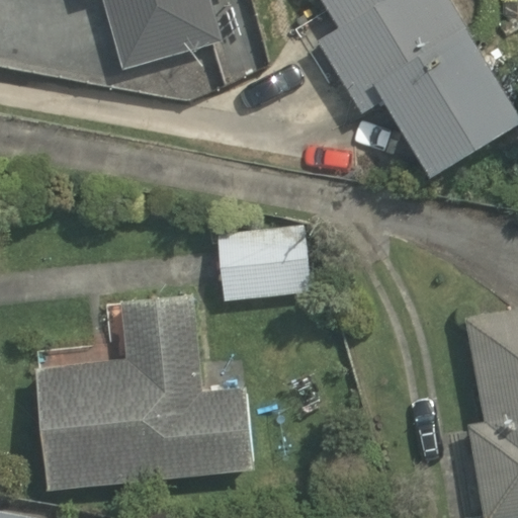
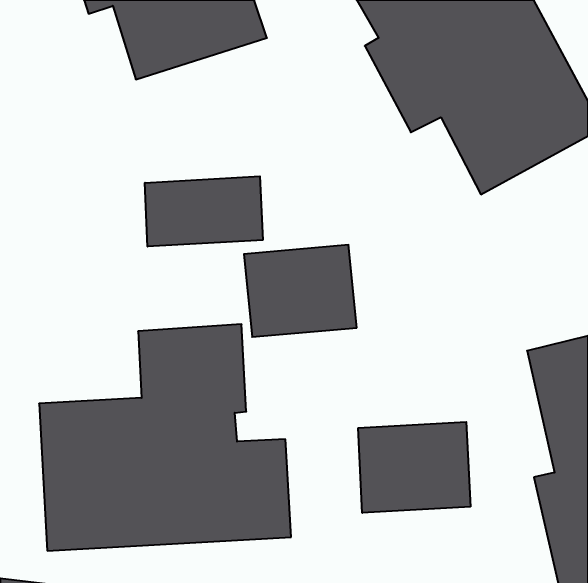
building: none -> [145,176,263,247]
building: none -> [358,422,470,513]

